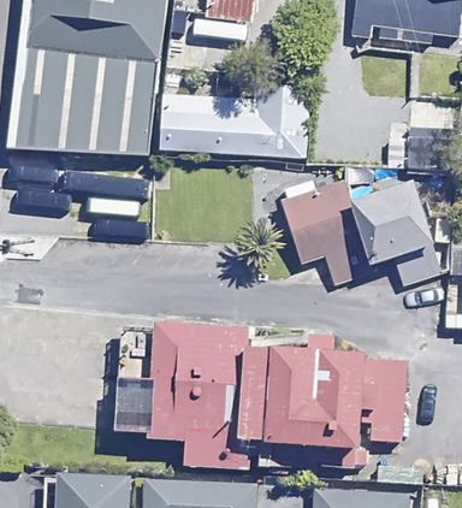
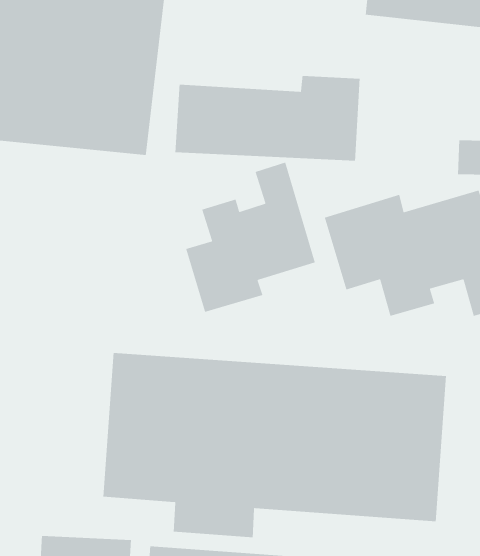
building: none -> [185,161,316,313]

